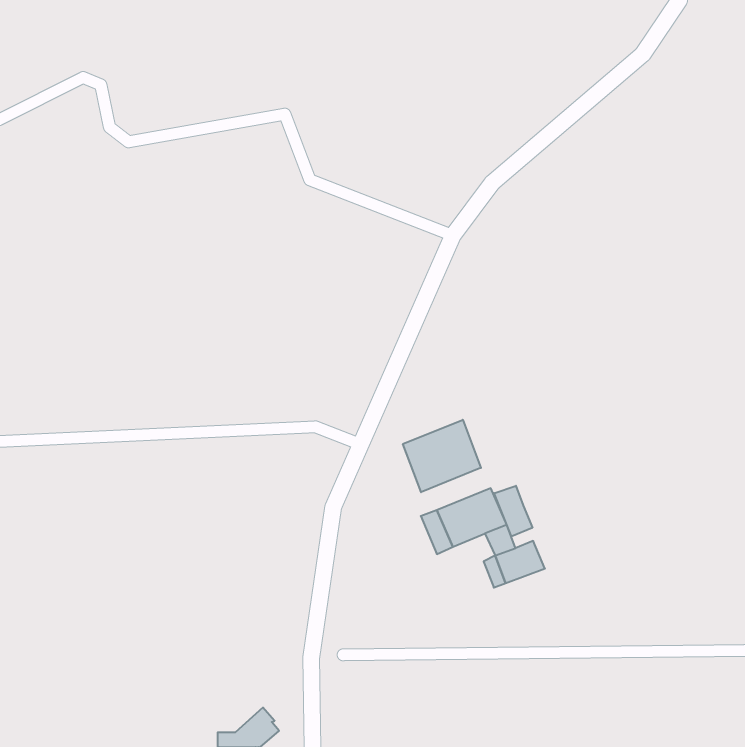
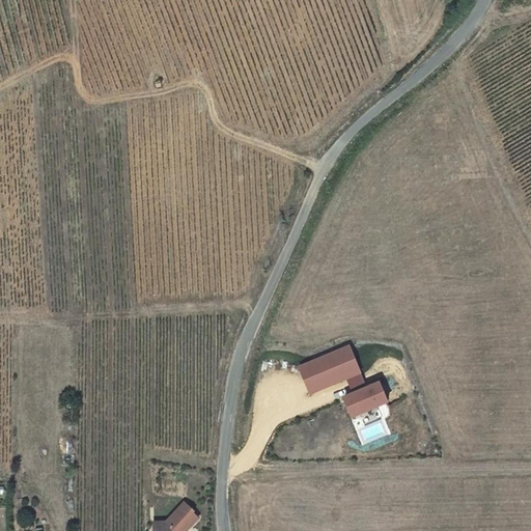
building: [403,420,481,492] -> none
building: [494,486,532,536] -> none

